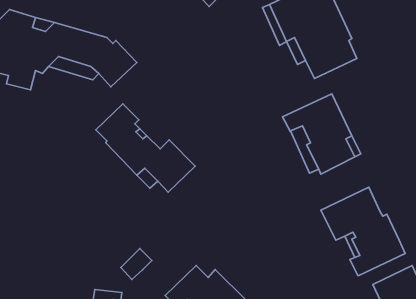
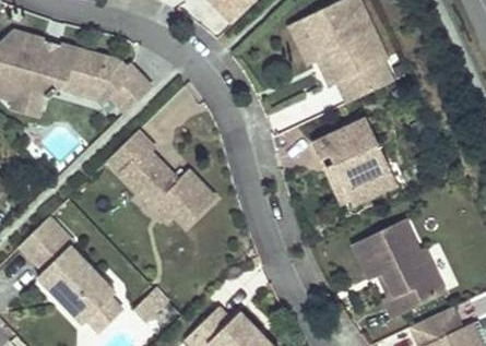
building: none -> [19,216,120,331]

